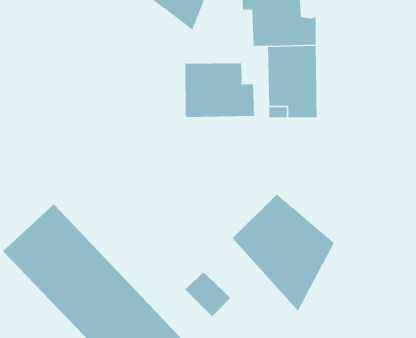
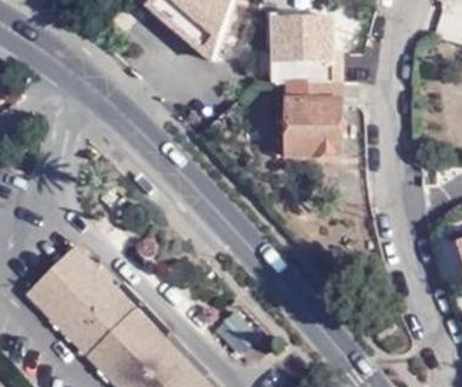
building: [184,63,255,118] -> none
building: [232,193,335,312] -> none

